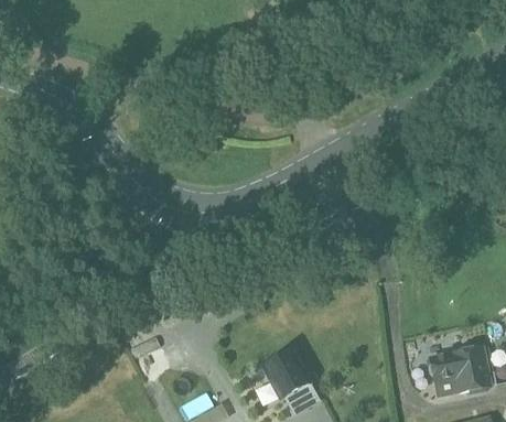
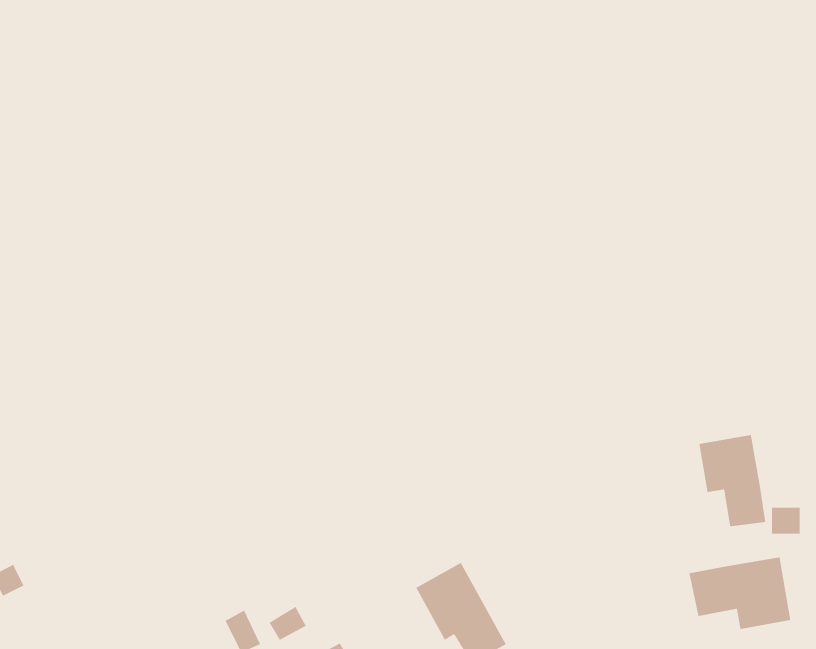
building: none -> [699,434,766,527]

